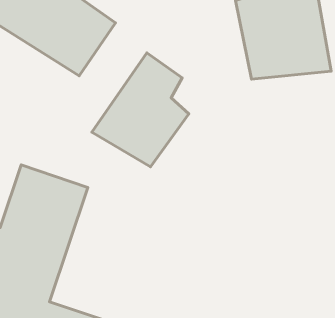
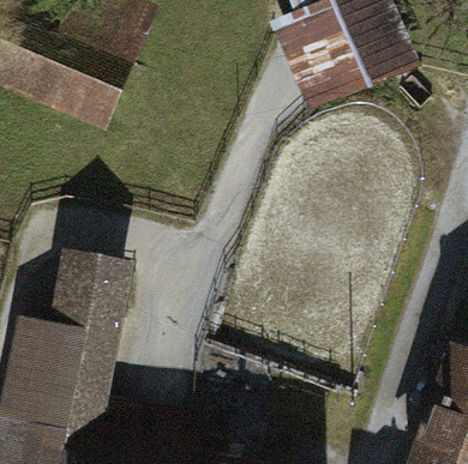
building: [92,53,189,167] -> none

